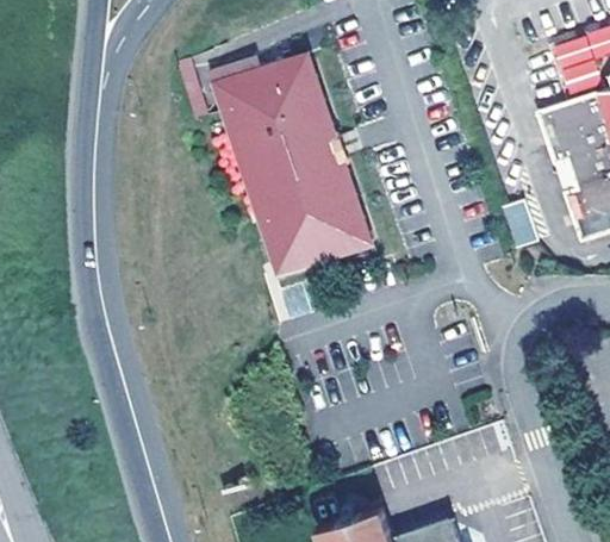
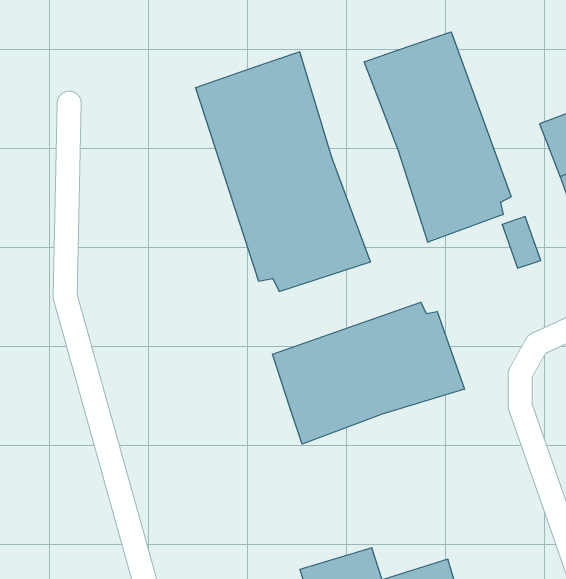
building: none -> [364,32,511,242]
building: none -> [272,302,465,444]

